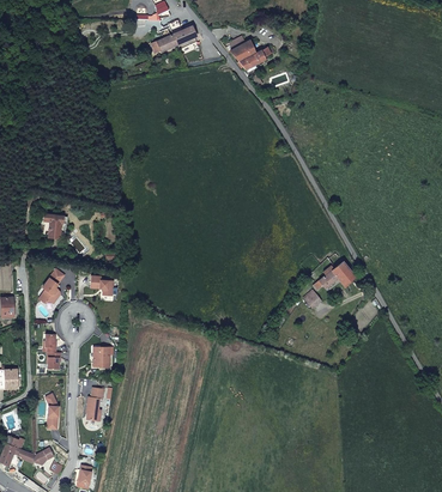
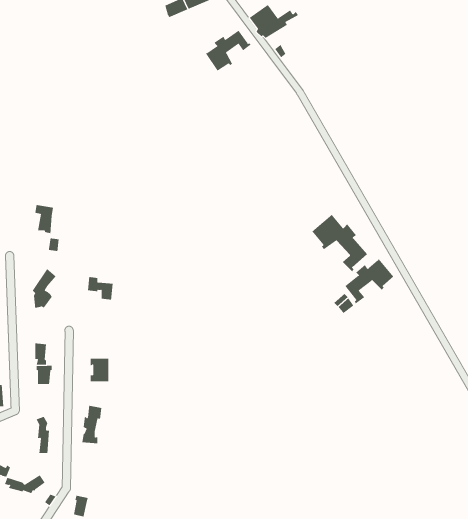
building: none -> [205,30,252,72]
building: none -> [311,214,368,272]

